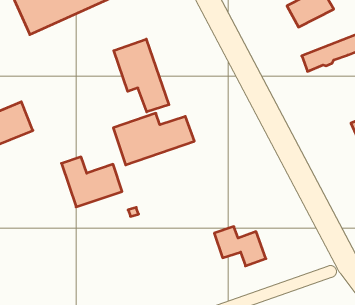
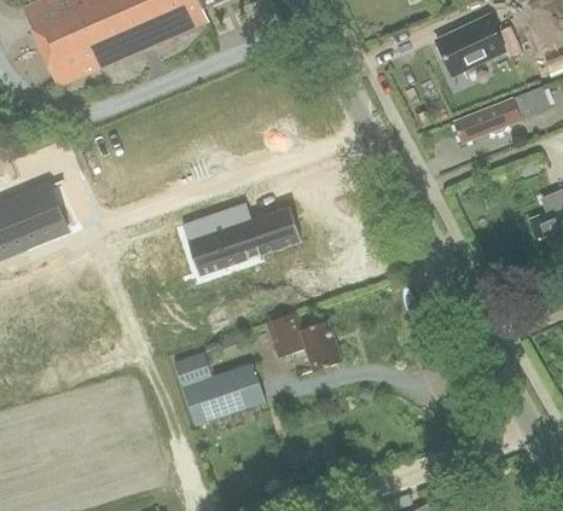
building: [114,39,169,112] -> none
building: [61,157,122,207] -> [175,350,265,424]
building: [214,227,266,266] -> [267,313,343,371]

